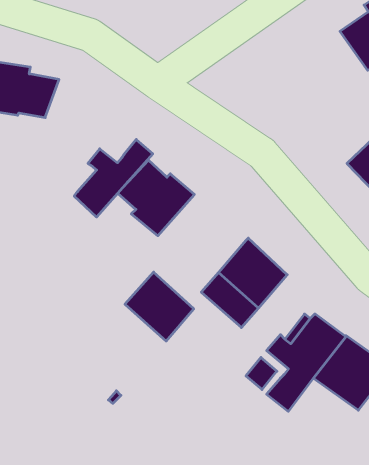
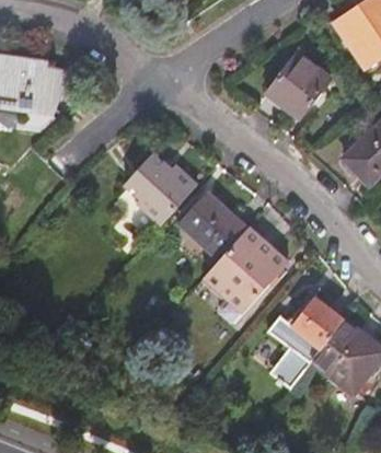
building: none -> [269,53,331,117]
building: [74,139,153,217] -> none
building: [125,272,194,341] -> [182,195,247,260]

